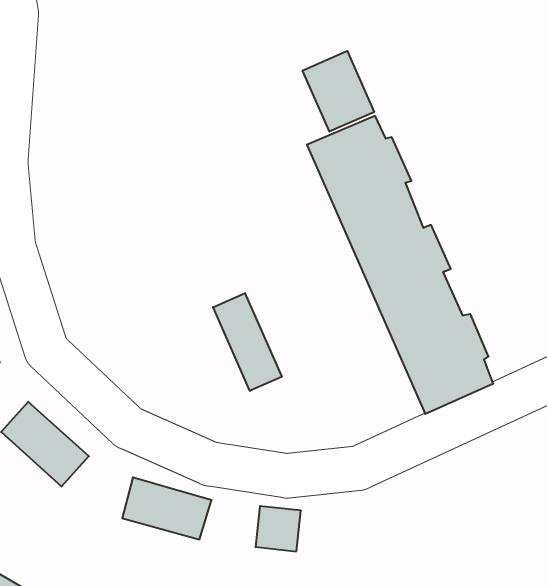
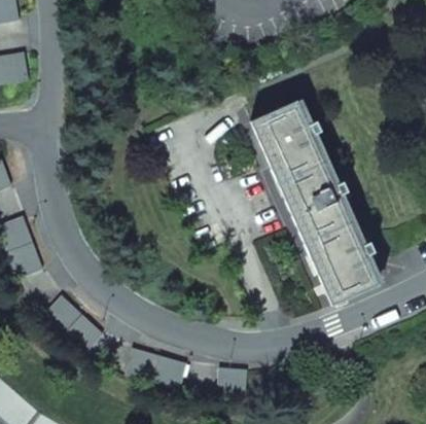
building: [303,51,374,132] -> none
building: [213,293,282,391] -> none

